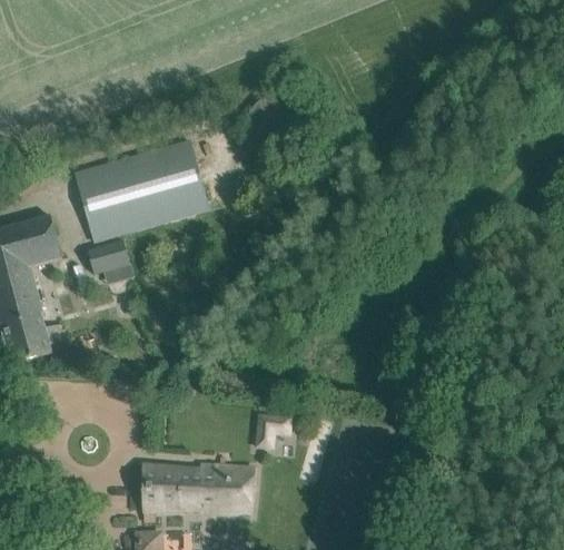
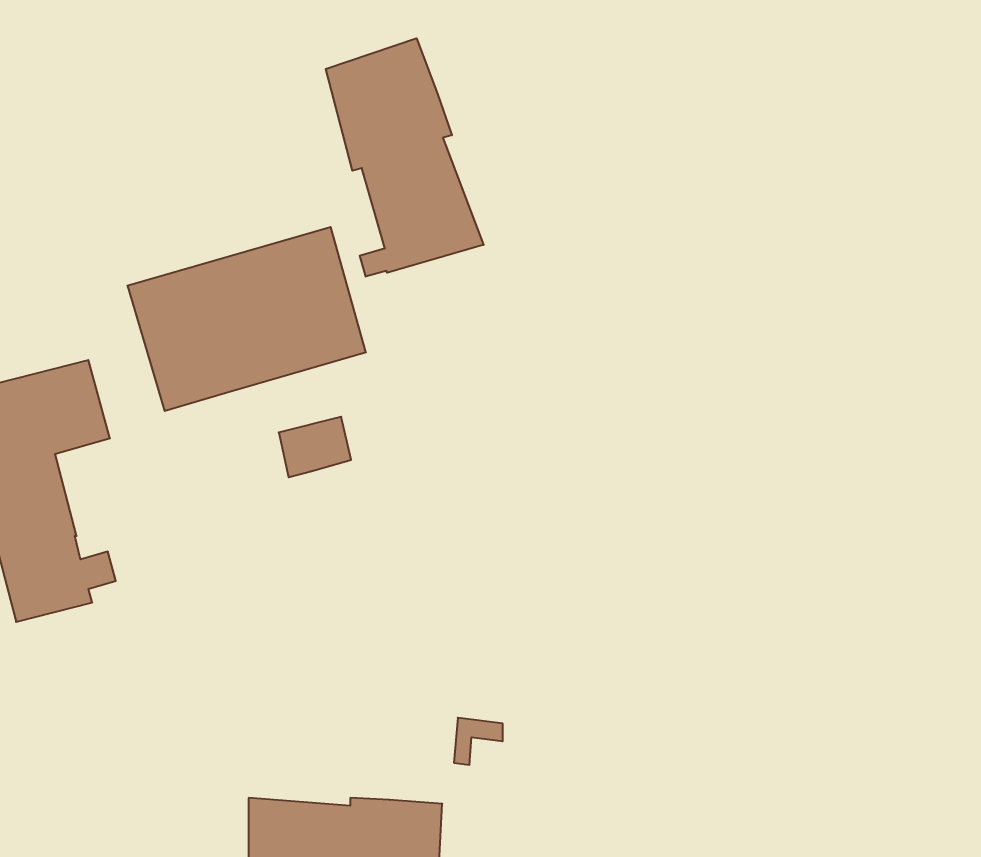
building: none -> [326,38,484,277]
building: [88,239,129,274] -> [279,417,351,477]

